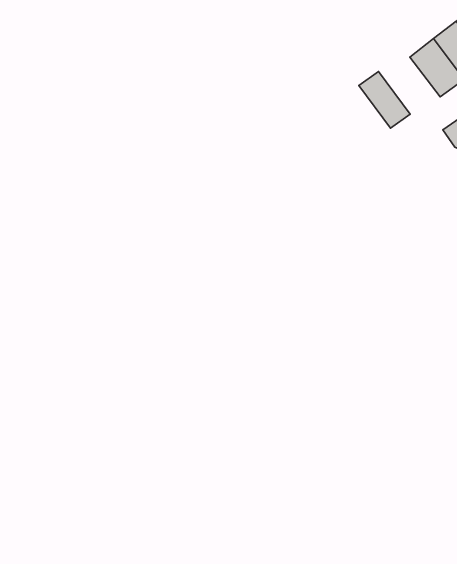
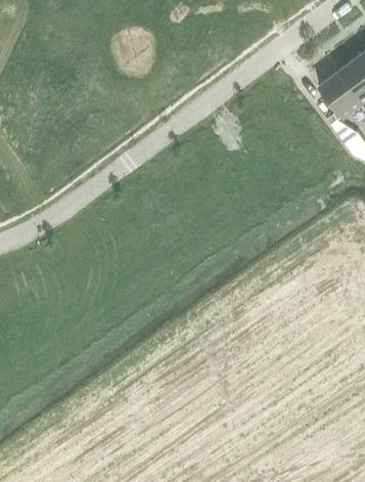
building: [359,71,410,128] -> none

